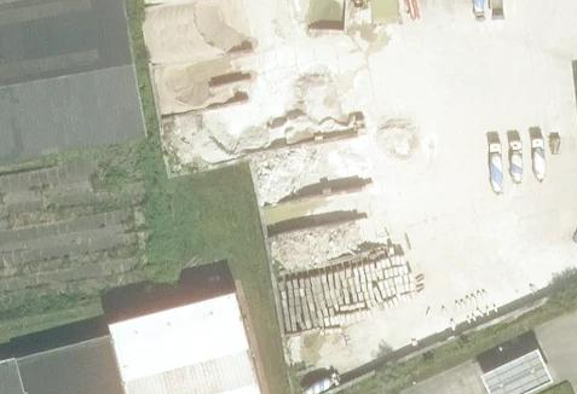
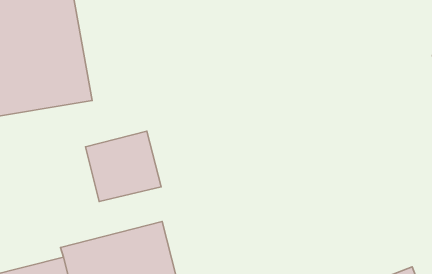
building: none -> [85,131,161,202]

